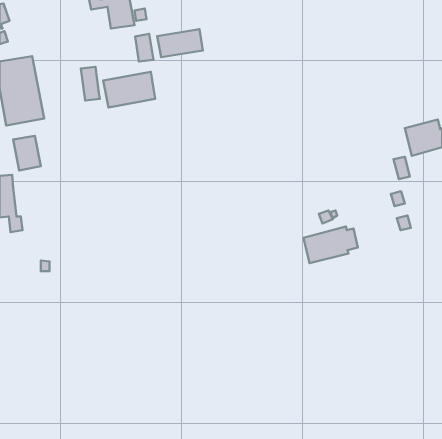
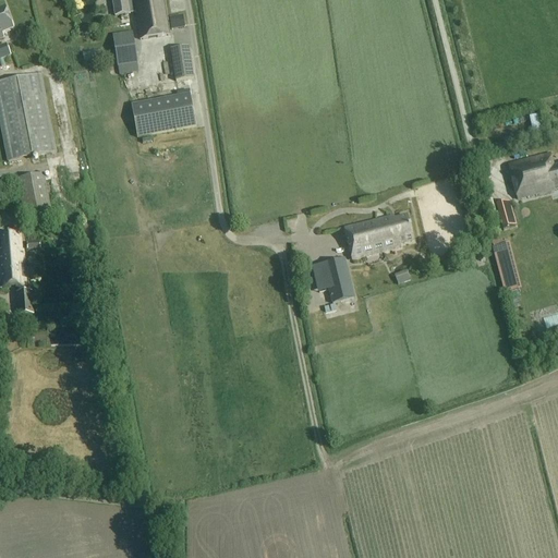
building: [157,29,203,57] -> none
building: [81,67,100,100] -> [113,28,137,71]
building: none -> [320,254,353,300]
building: [303,227,358,263] -> [345,211,414,257]

